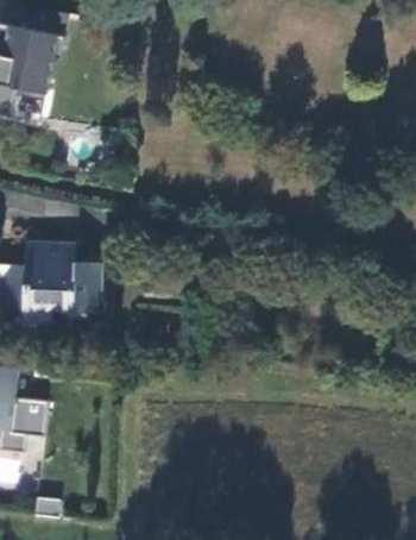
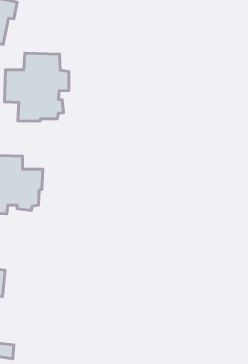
building: none -> [4,53,69,121]

